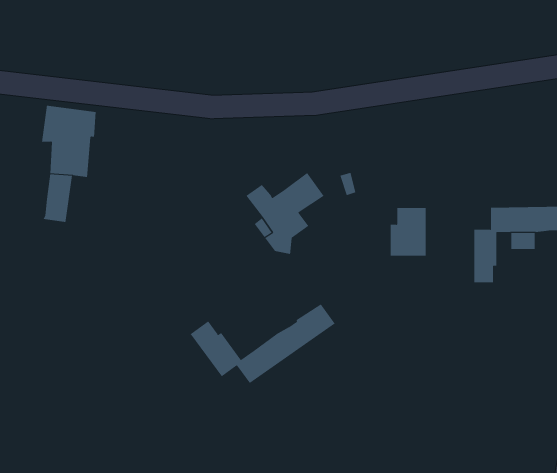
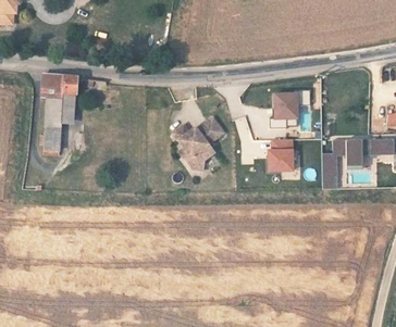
building: none -> [270,90,311,129]
building: [190,303,336,384] -> none

